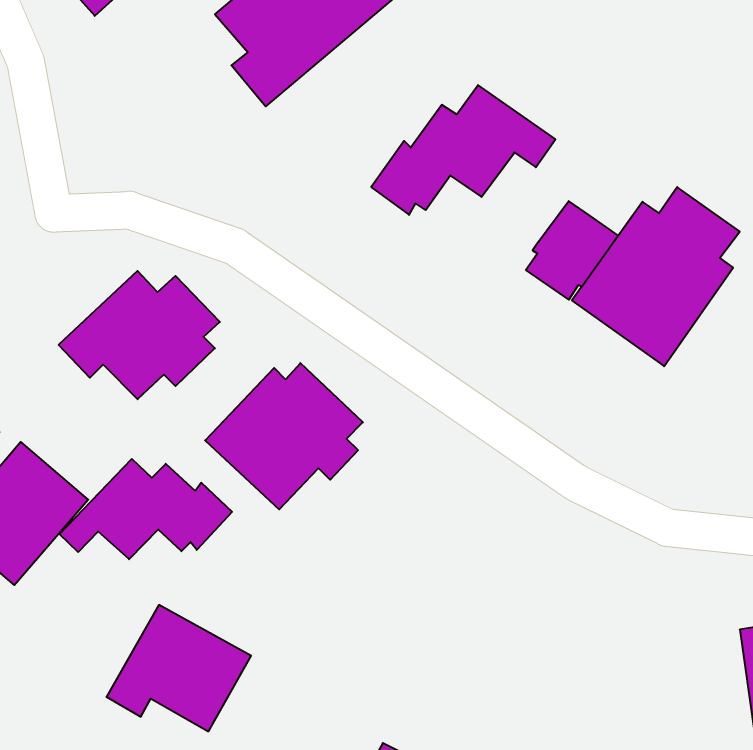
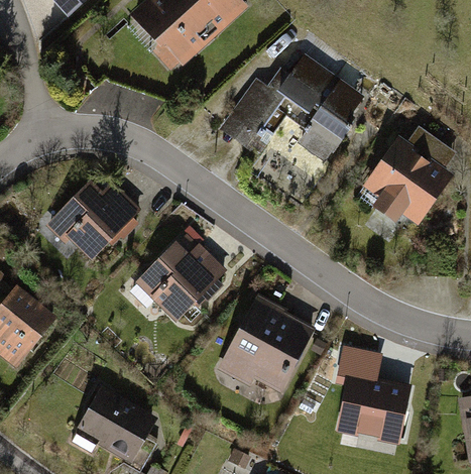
building: [526,201,618,300] -> [296,103,352,163]
building: [60,459,232,559] -> none
building: none -> [215,291,319,391]
building: none -> [333,352,405,444]

